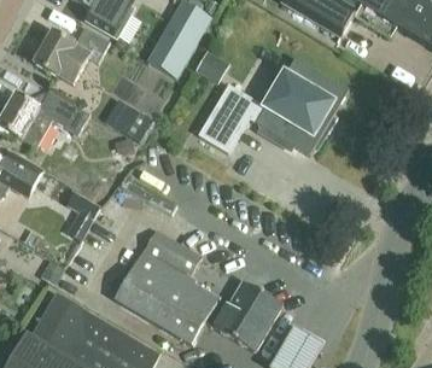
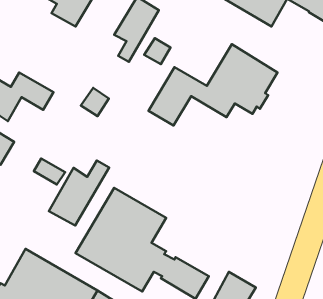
building: [34,27,110,83] -> none
building: none -> [49,161,109,226]
building: [229,281,281,326] -> none

